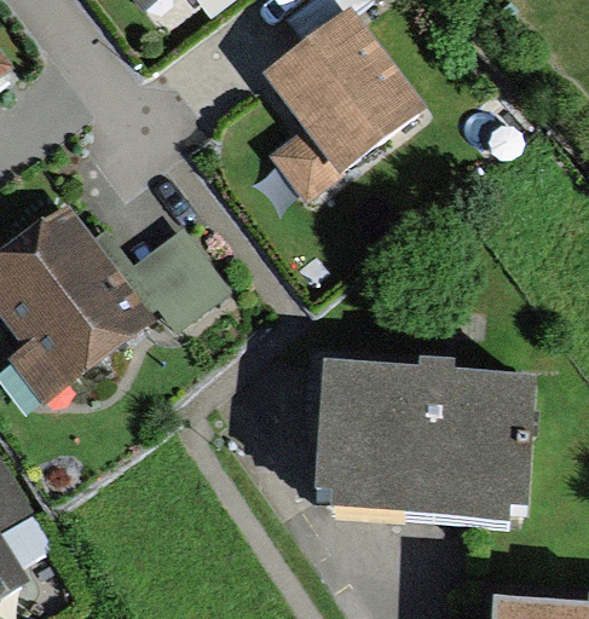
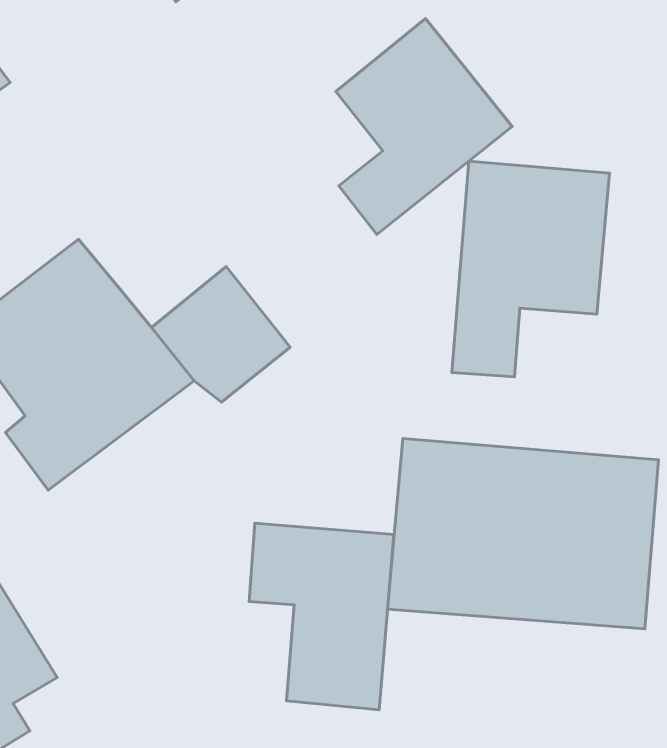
building: none -> [452,161,610,377]
building: none -> [249,523,394,710]

